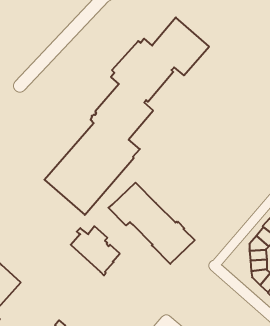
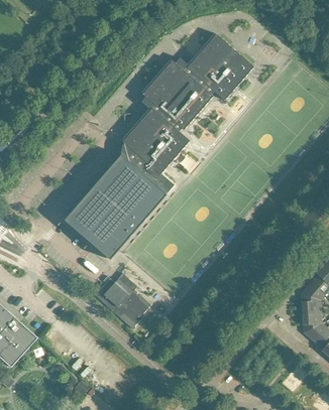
building: [108,183,195,264] -> none

